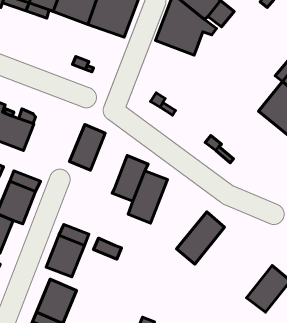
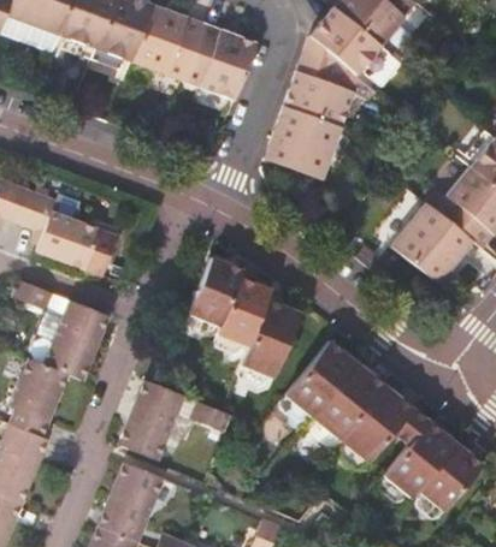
building: none -> [262,105,339,180]
building: none -> [389,202,473,285]
building: [70,124,105,170] -> [189,257,242,326]
building: none -> [285,339,359,416]
building: none -> [341,384,415,463]
building: none -> [384,420,456,497]

